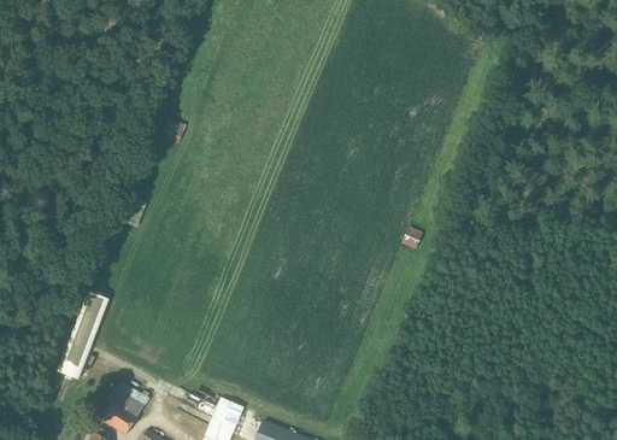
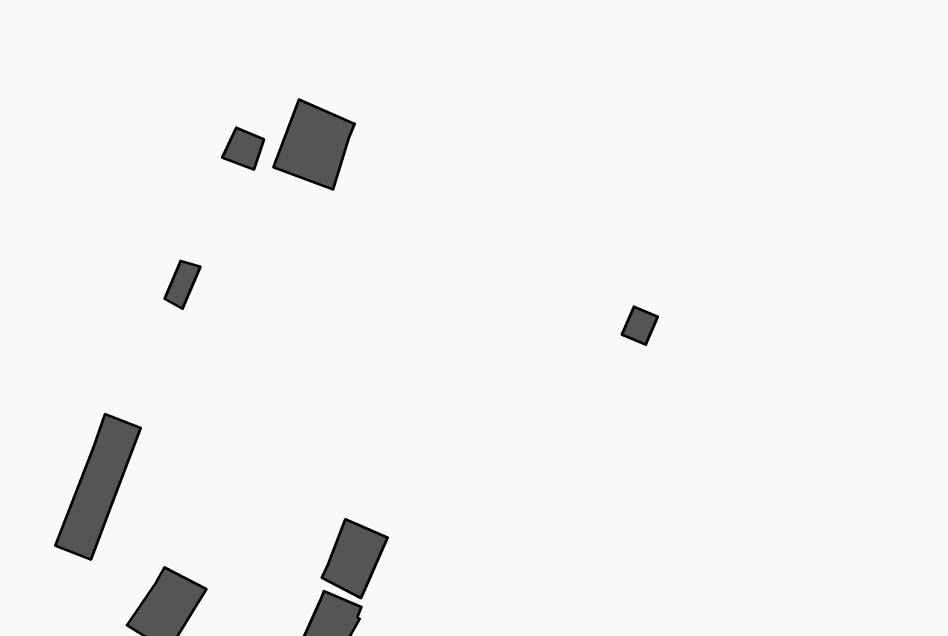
building: none -> [274,100,355,189]
building: none -> [322,519,388,598]

